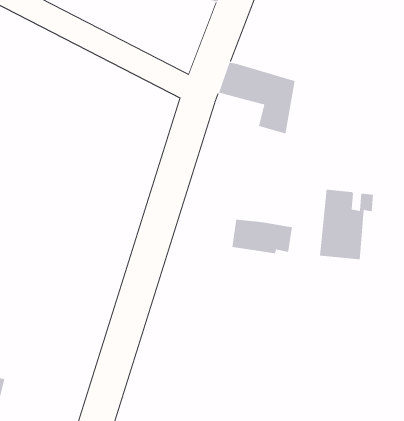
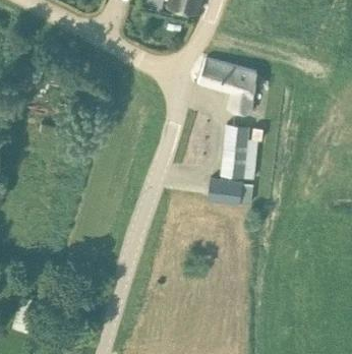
building: [319,189,374,260] -> [222,124,263,178]

